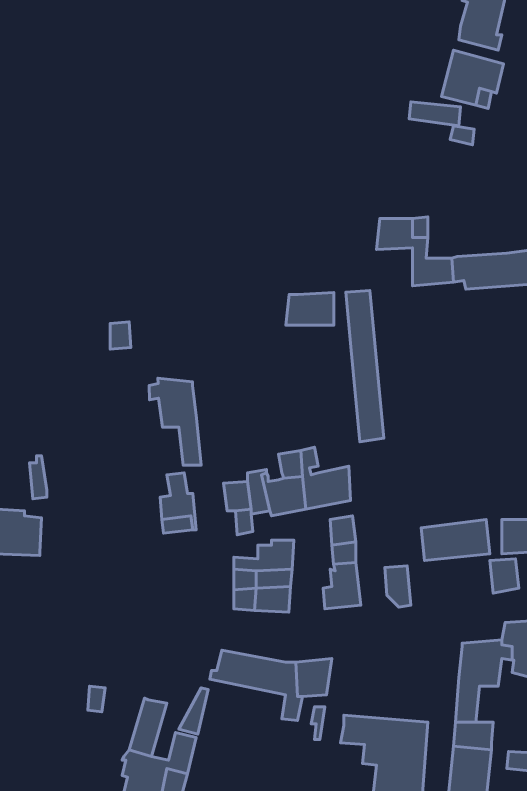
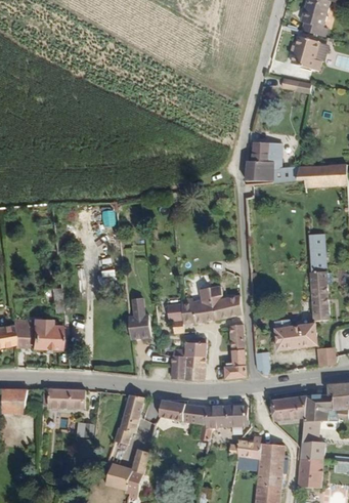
building: [346,290,384,442] -> [311,232,334,322]
building: [286,293,334,325] -> [247,161,275,180]
building: [149,378,201,465] -> none
building: none -> [44,389,84,412]
building: none -> [118,395,145,433]
building: none -> [273,399,305,420]
building: none -> [224,405,249,427]

